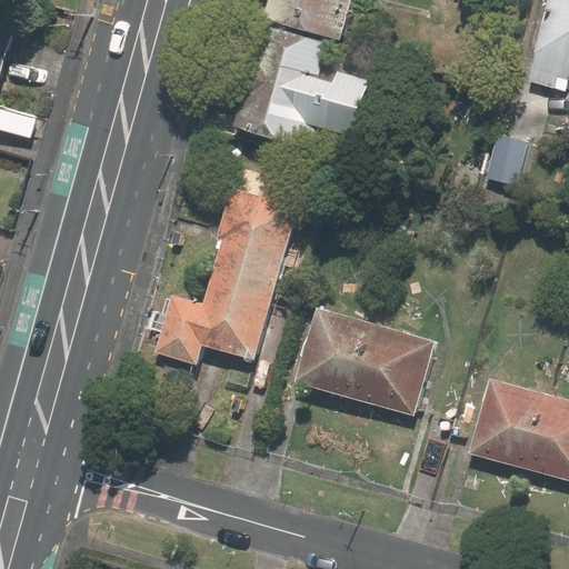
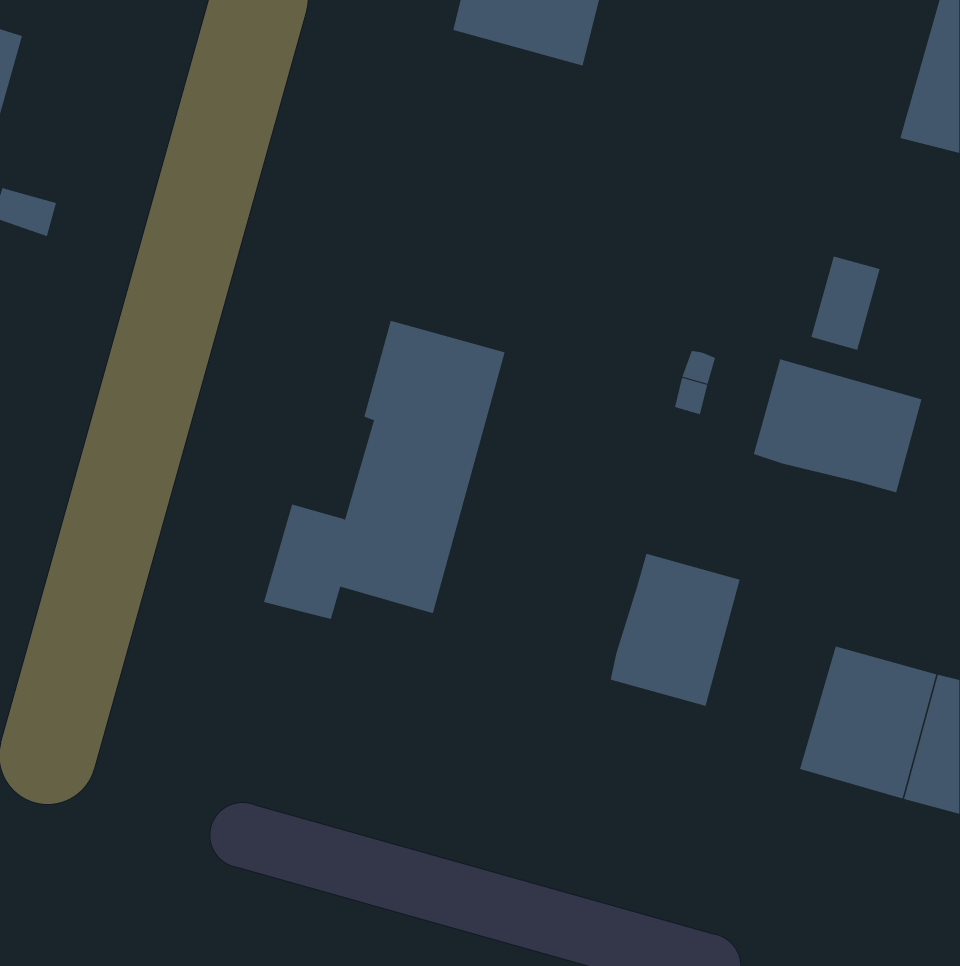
building: [228,26,371,149] -> none
building: none -> [753,358,922,493]
building: [298,308,379,399] -> none

